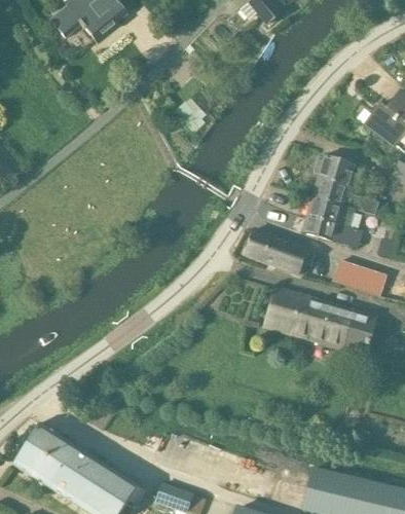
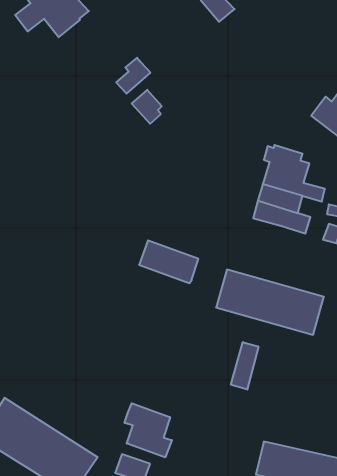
building: none -> [116,58,150,94]
building: [245,228,307,273] -> [139,240,198,283]
building: [335,261,385,296] -> none
building: none -> [231,342,258,390]
building: none -> [125,403,172,457]

